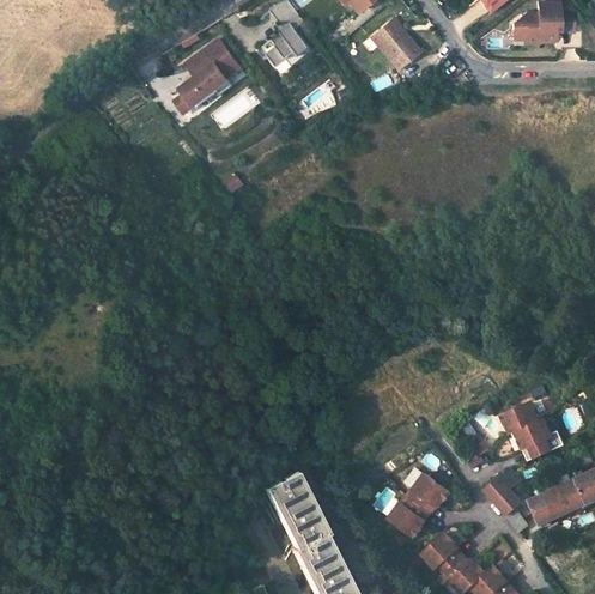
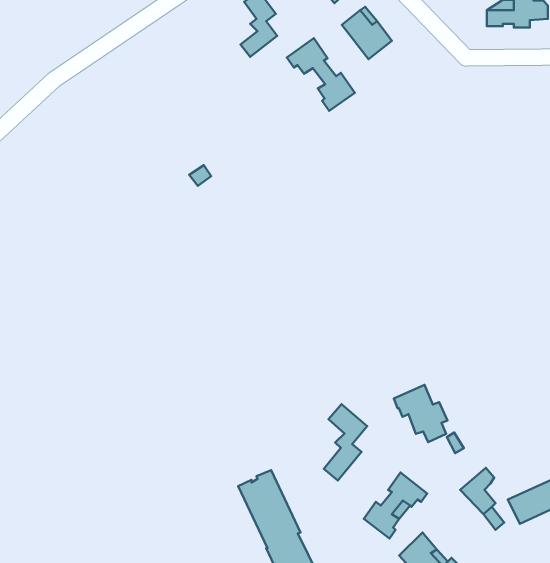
building: [174,41,237,115] -> none
building: none -> [287,38,355,111]
building: [500,402,553,459] -> [394,385,448,442]
building: none -> [324,404,367,481]

